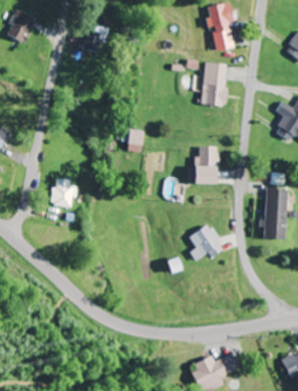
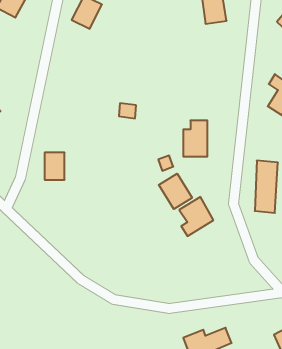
building: [202,62,228,106] -> none
building: none -> [159,174,192,209]

